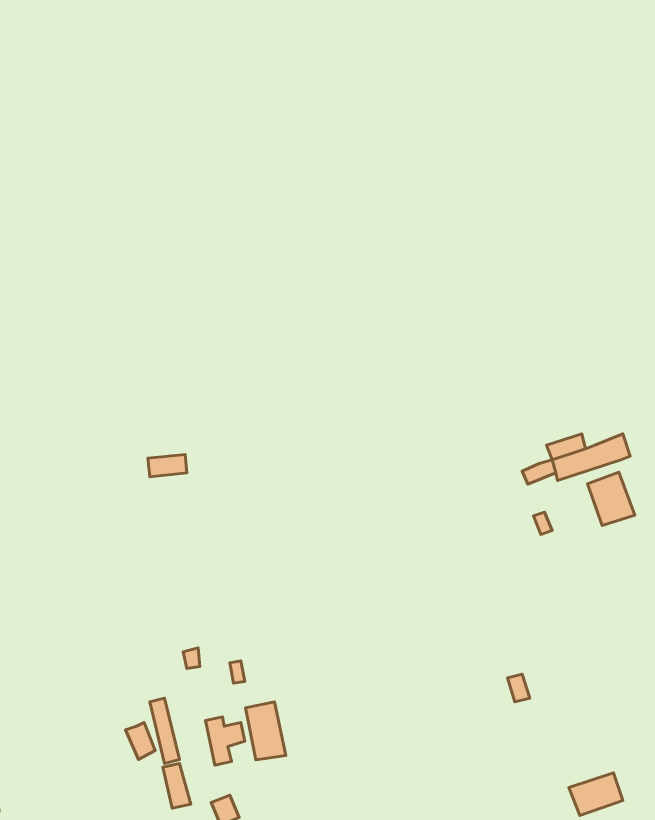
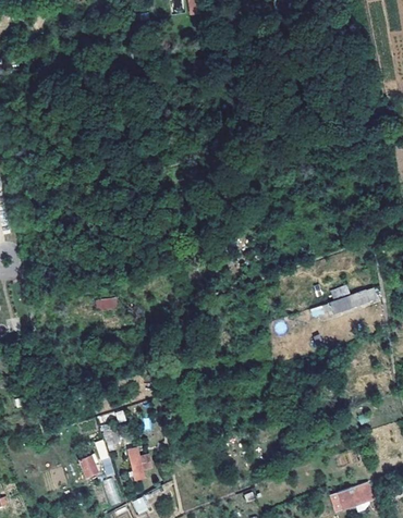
building: [588,472,635,525] -> none
building: [246,702,286,760] -> none

